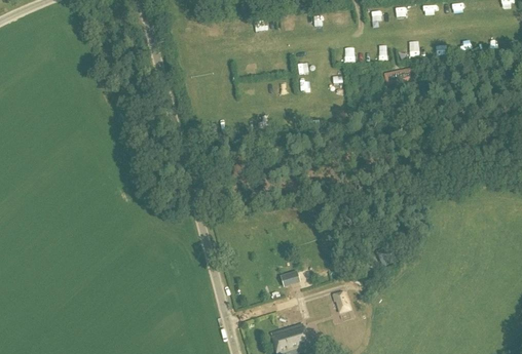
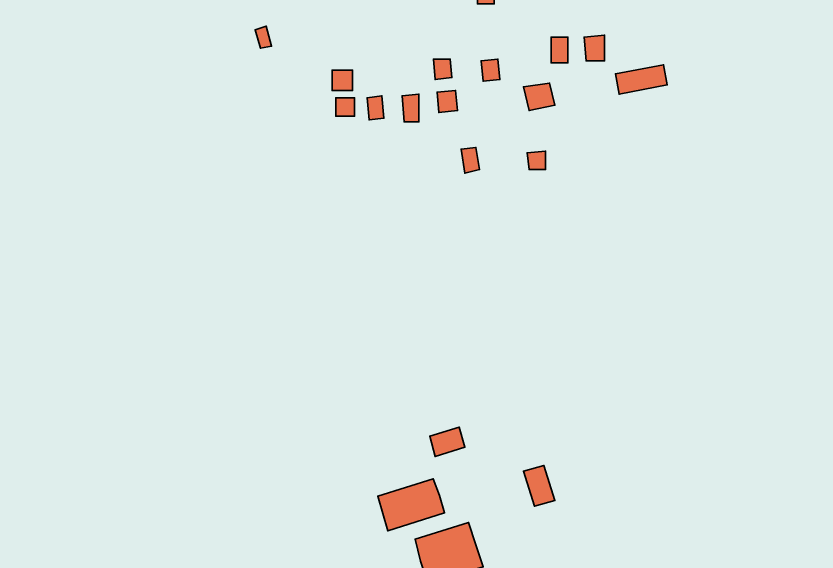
building: none -> [378,479,444,531]

